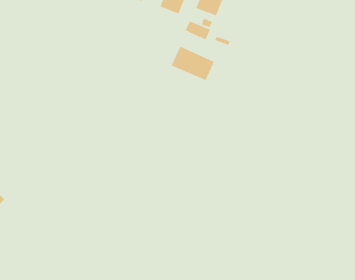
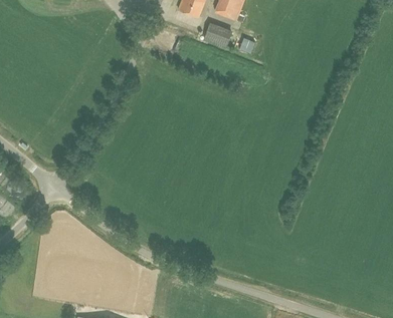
building: [171,46,215,81] -> none

